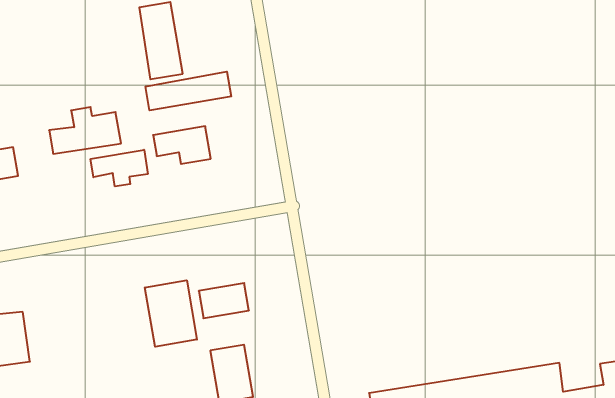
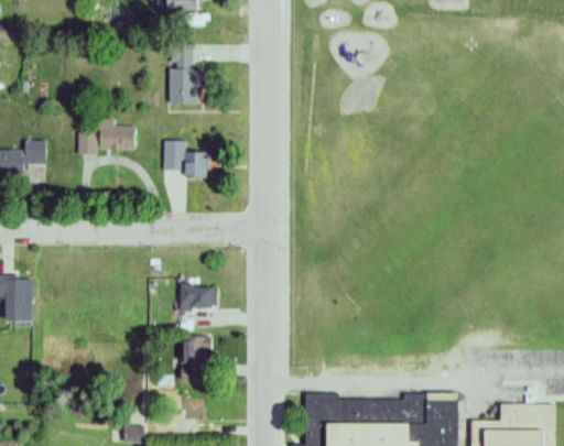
building: [145,72,231,110] -> none
building: [91,150,148,186] -> none
building: [145,280,197,347] -> none

